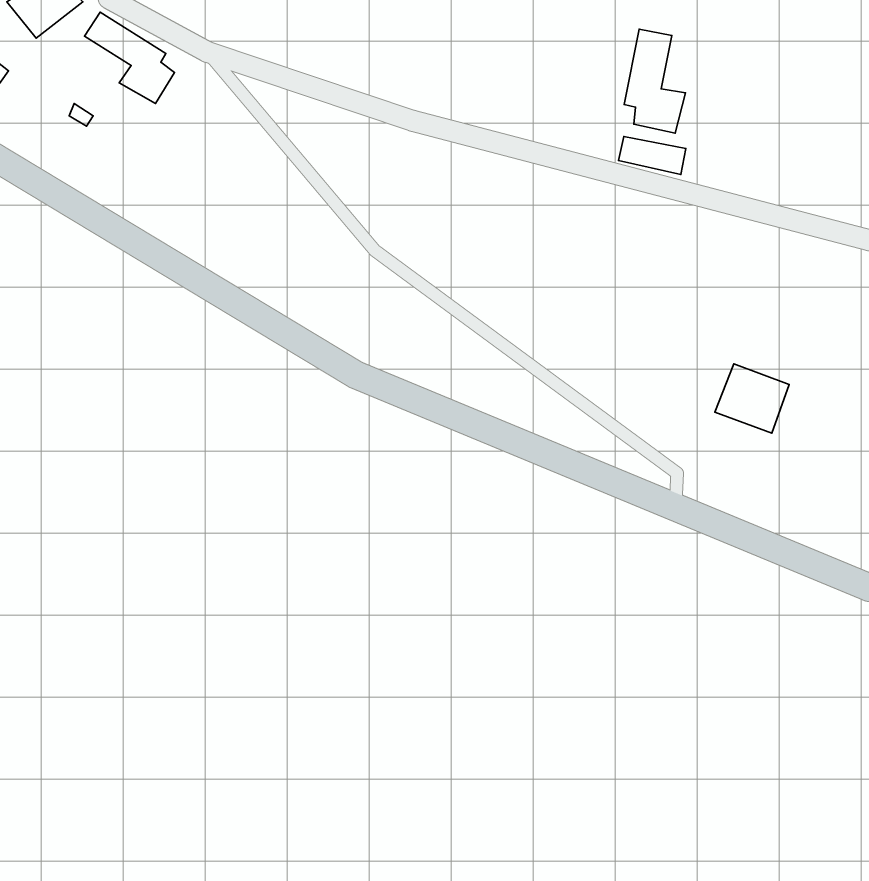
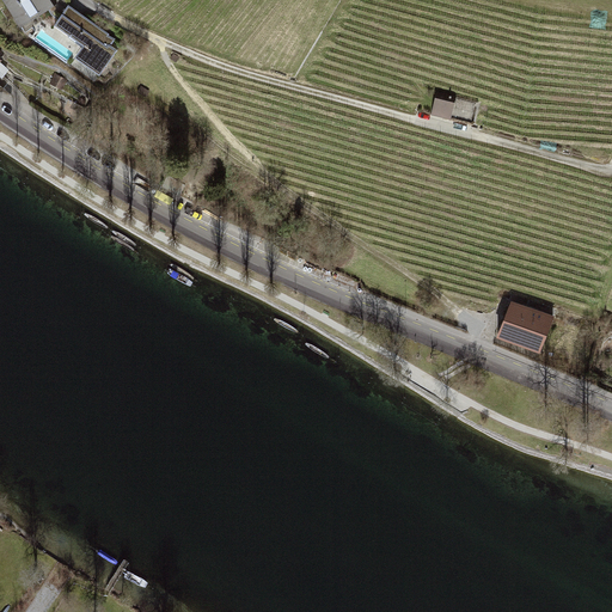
building: [624,29,685,133] -> none
building: [715,364,789,433] -> [490,299,541,347]

